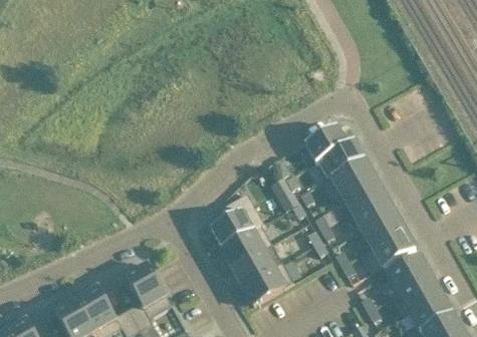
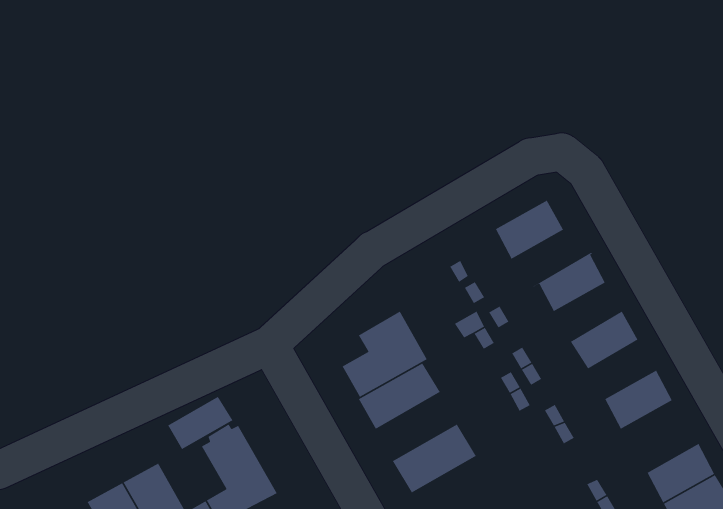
building: [315,139,365,178] -> none
building: [341,176,384,212] -> none
building: [363,211,405,247] -> none
building: [232,243,282,285] -> none
building: none -> [167,396,233,456]
building: [387,254,431,292] -> none

